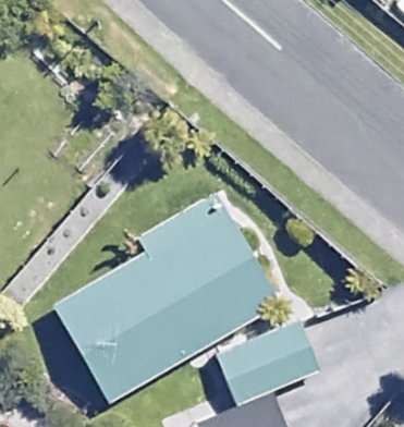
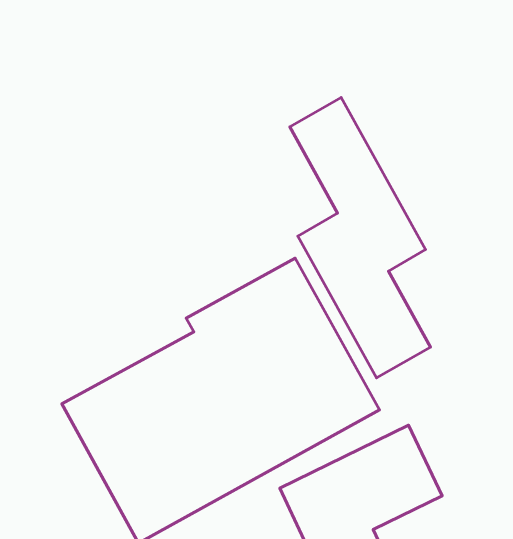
building: none -> [290,97,431,378]

